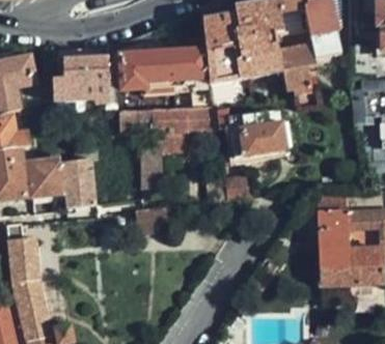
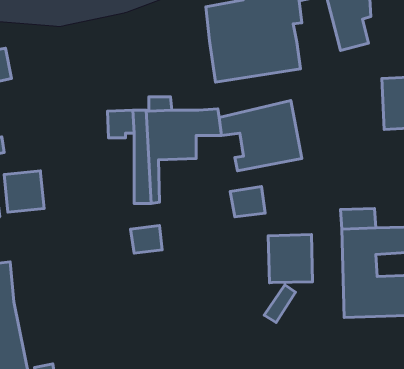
building: [279,45,317,91] -> none
building: [119,49,212,108] -> none
building: [53,57,116,104] -> none
building: [60,159,97,206] -> none
building: none -> [268,235,313,283]

